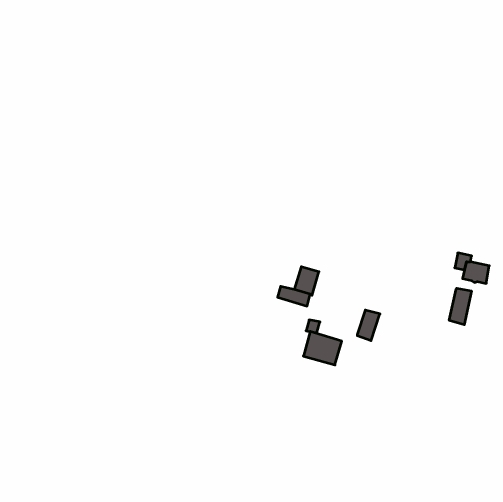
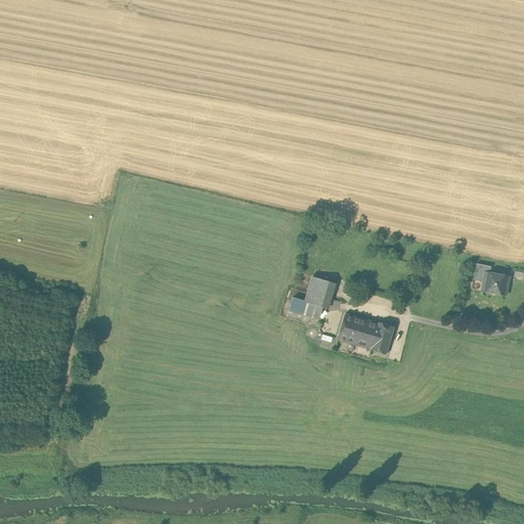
building: [449,288,471,325] -> none
building: [303,331,342,365] -> [339,313,379,348]

